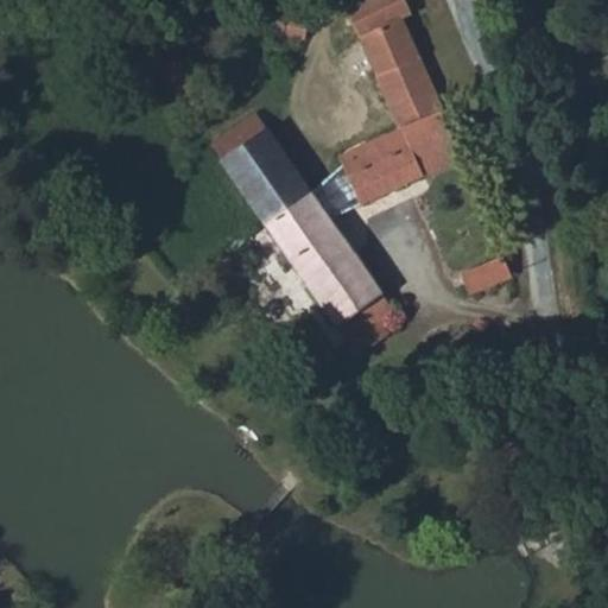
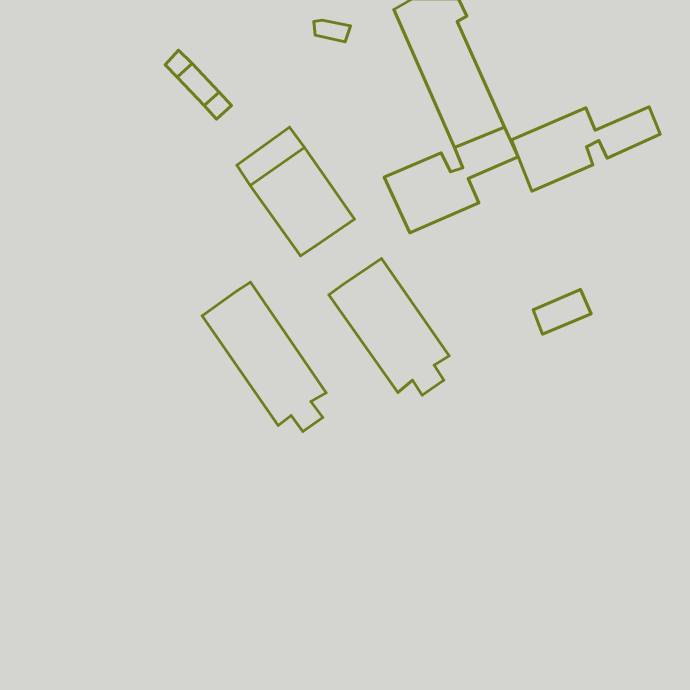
building: none -> [511,107,660,191]
building: [277,192,335,249] -> none
building: none -> [202,282,326,431]

